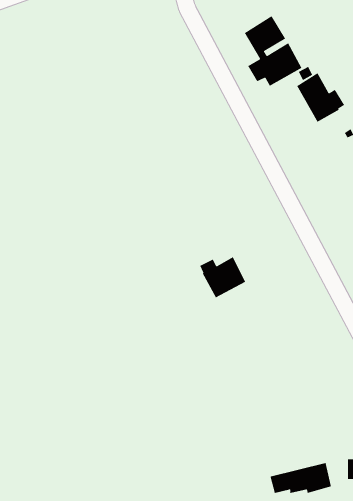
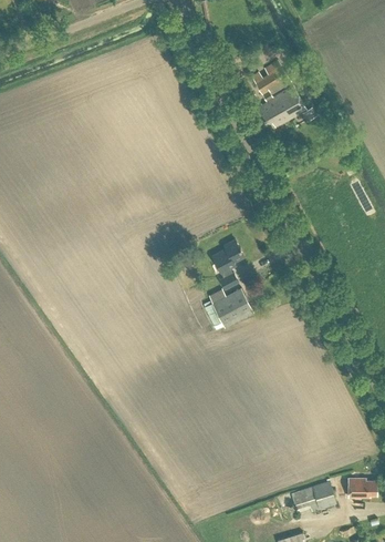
building: [296,72,345,123] -> none
building: none -> [211,239,243,290]

